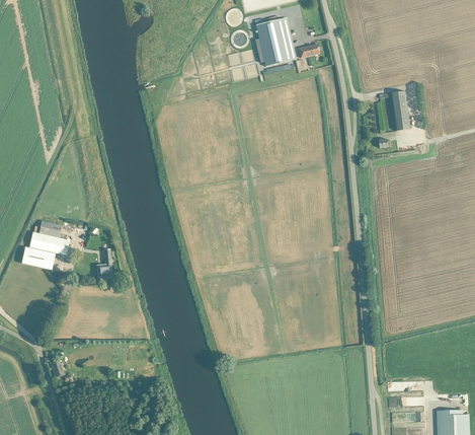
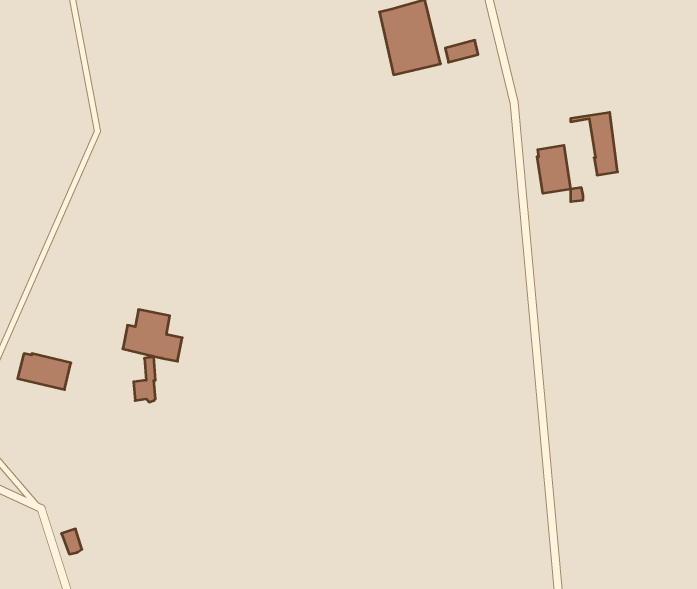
building: none -> [537,145,571,193]
building: [30,221,69,255] -> [123,310,182,361]

